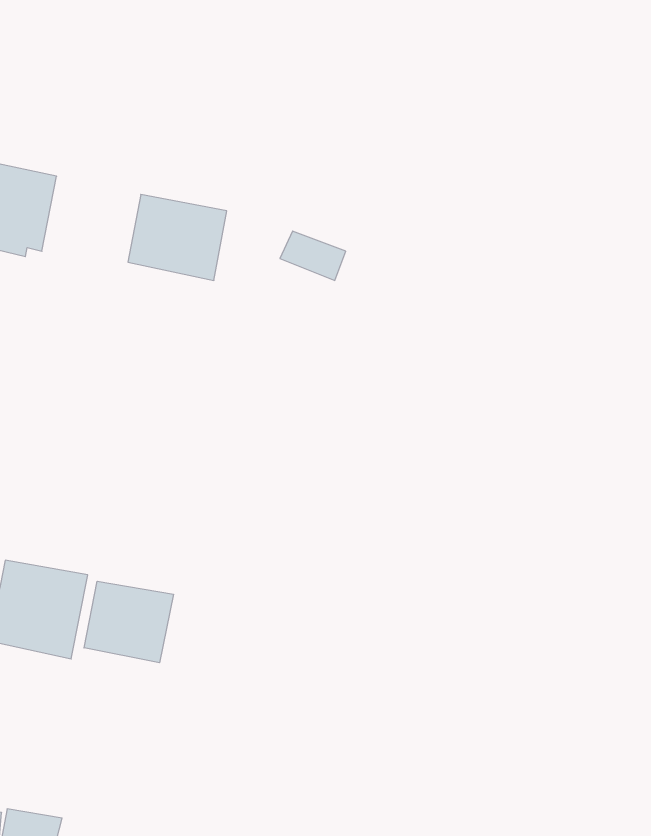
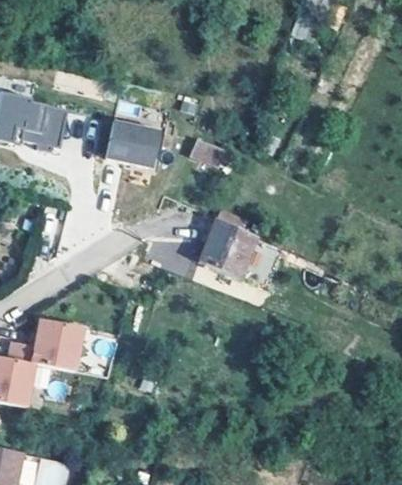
building: none -> [198,217,256,278]
building: [84,581,173,663] -> none

